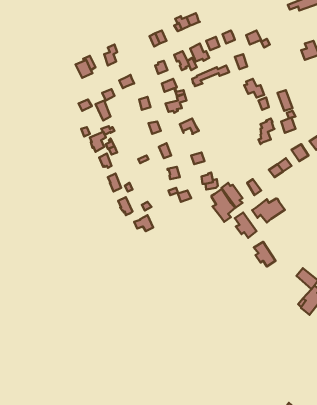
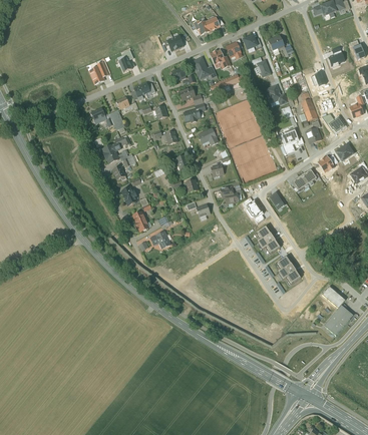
building: [211,189,235,222] -> none
building: [252,199,285,223] -> none

